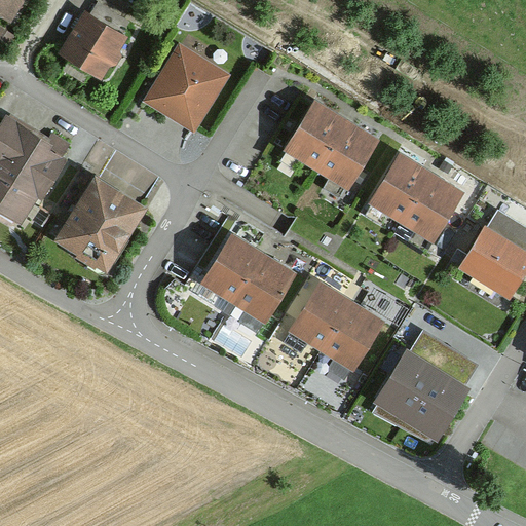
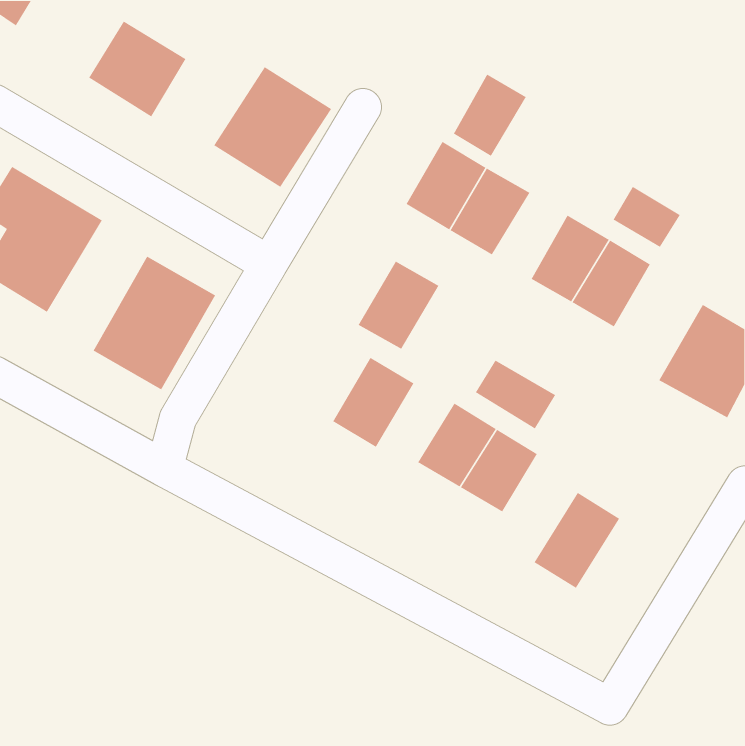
building: none -> [453,74,527,157]
building: none -> [612,186,681,248]
building: [201,235,259,298] -> [357,260,440,350]
building: none -> [475,359,556,430]
building: [403,366,462,433] -> none

